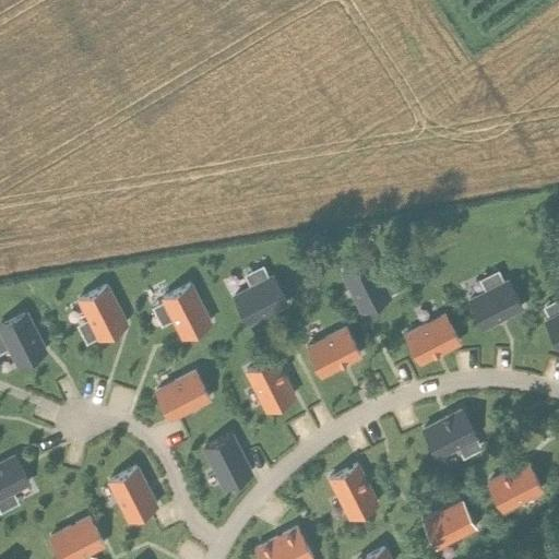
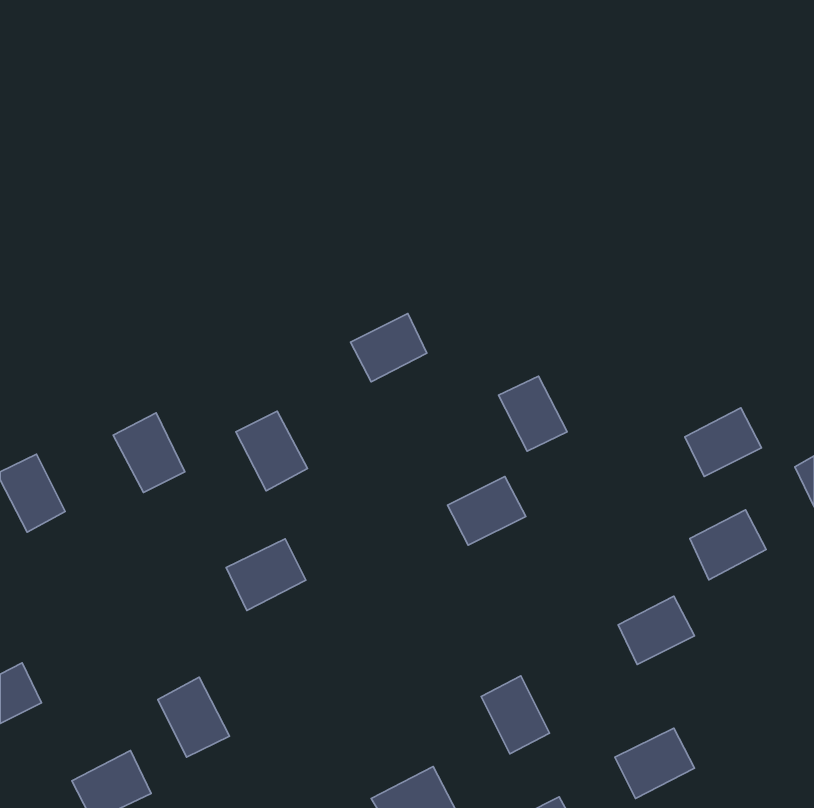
building: [234,280,286,326] -> [350,313,427,382]
building: [406,318,459,366] -> [690,510,766,580]
building: [246,360,294,413] -> none
building: [203,437,251,491] -> none
building: [488,465,542,513] -> none

